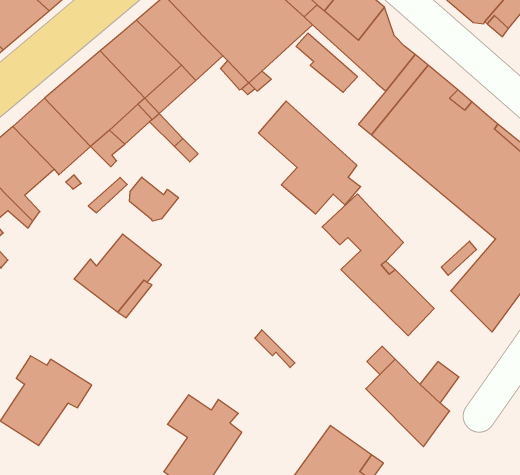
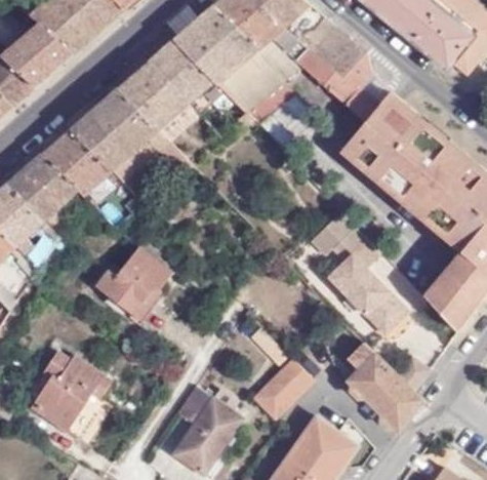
building: [259,101,361,214] -> none
building: [130,177,178,221] -> none
building: none -> [252,357,313,417]

